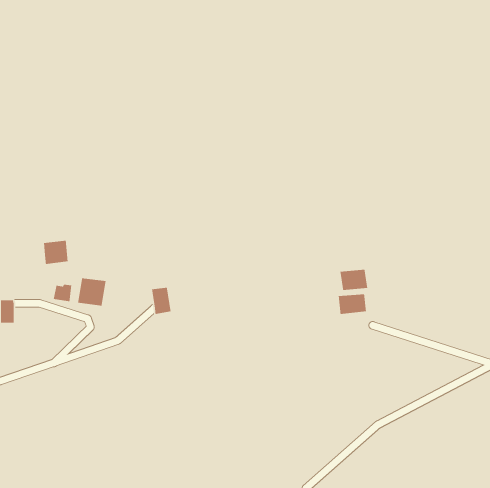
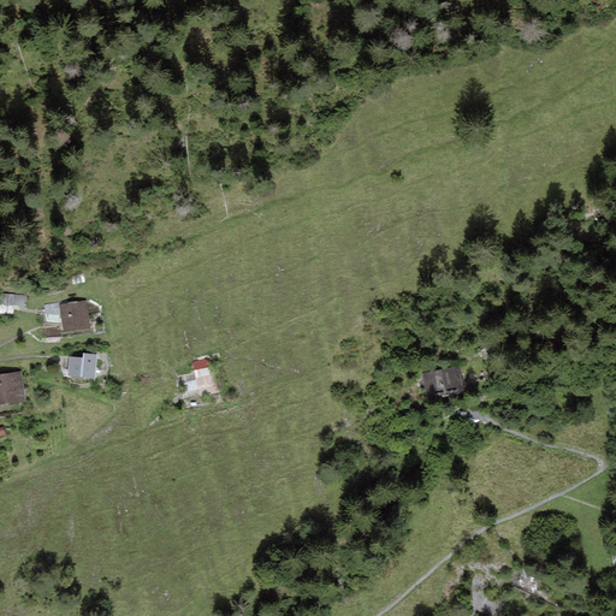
building: [339,269,368,291] -> none
building: [77,277,106,306] -> none

